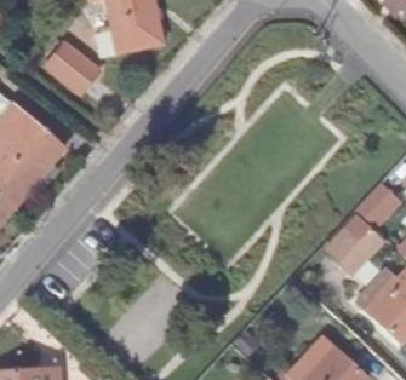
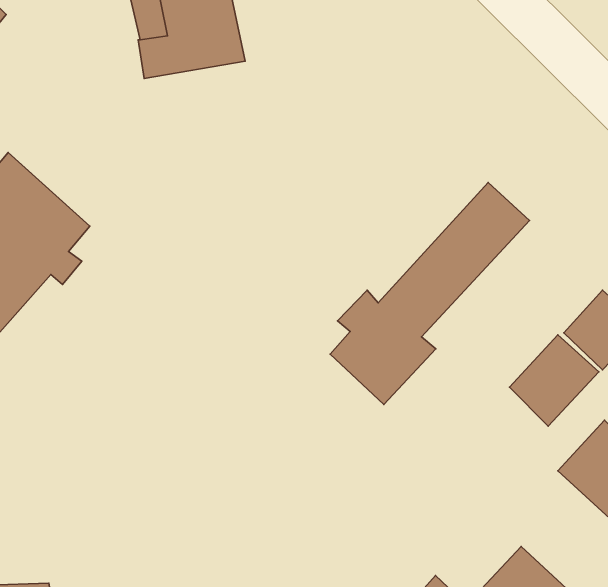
building: [46,45,98,93] -> none
building: none -> [330,182,529,405]

